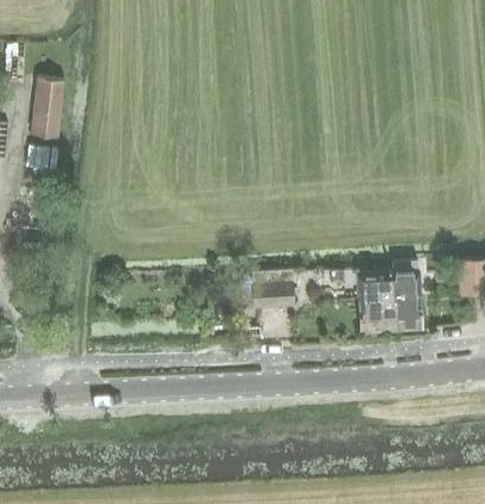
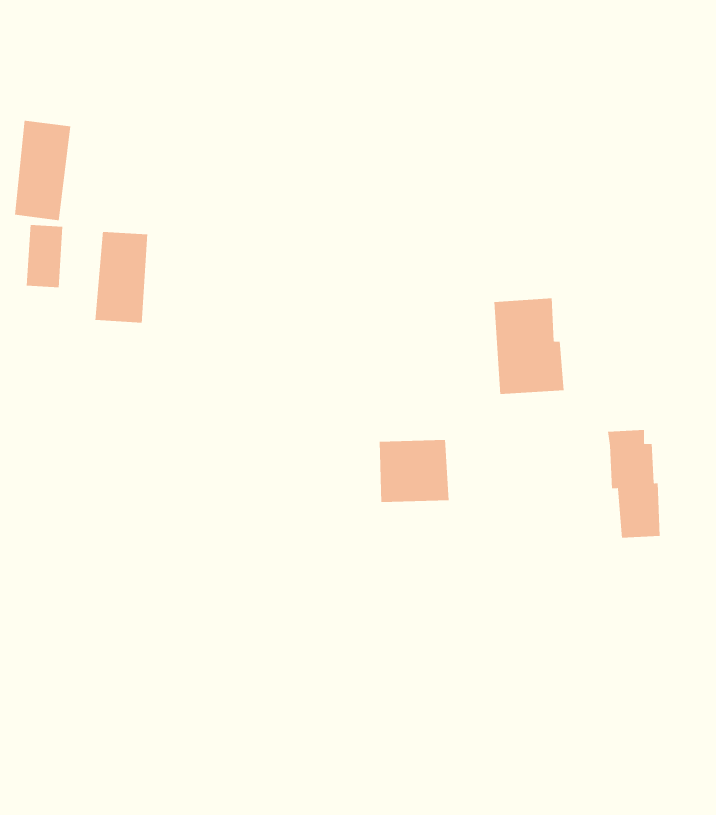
building: none -> [95,231,148,324]
building: [355,272,398,331] -> [493,298,564,394]

